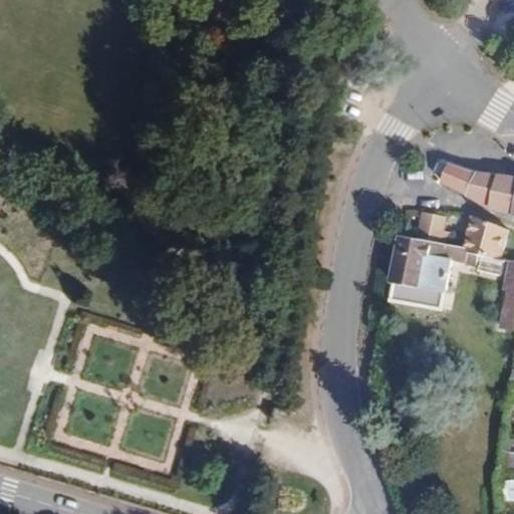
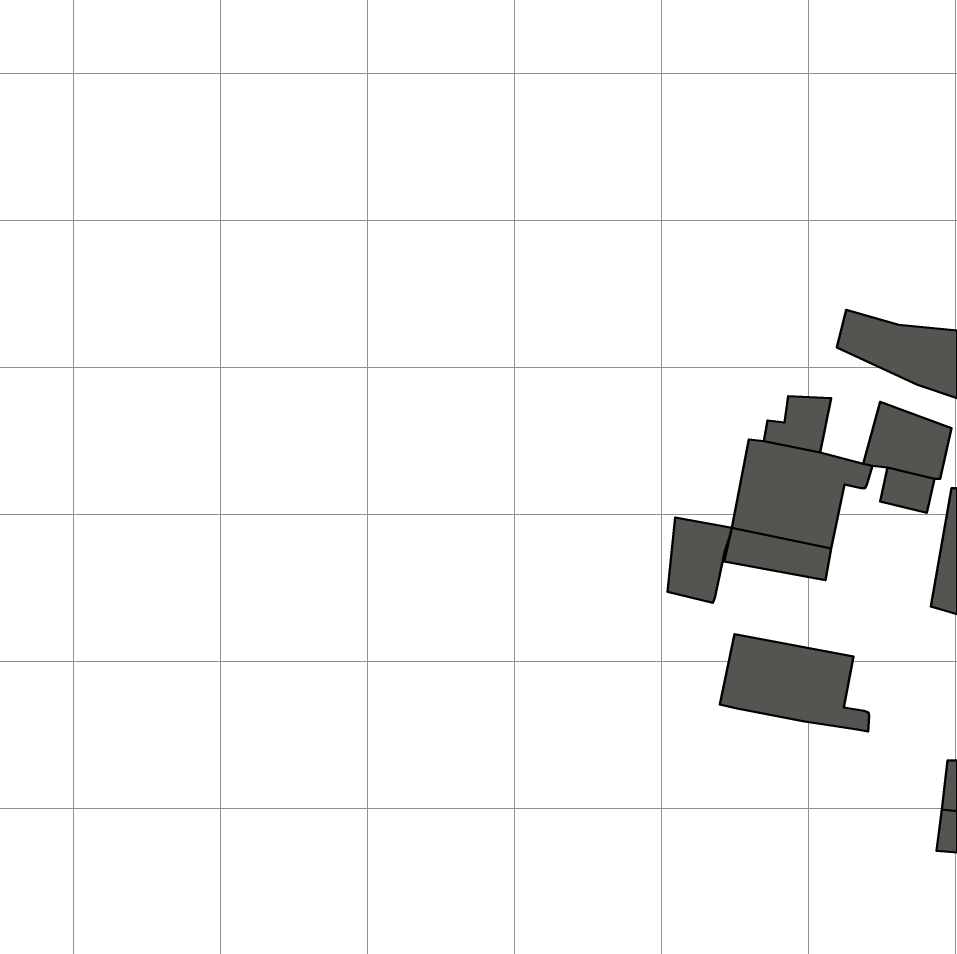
building: none -> [667,518,732,603]
building: none -> [720,634,869,731]

